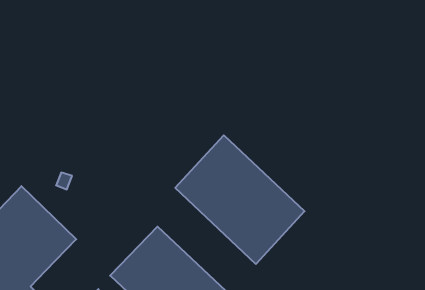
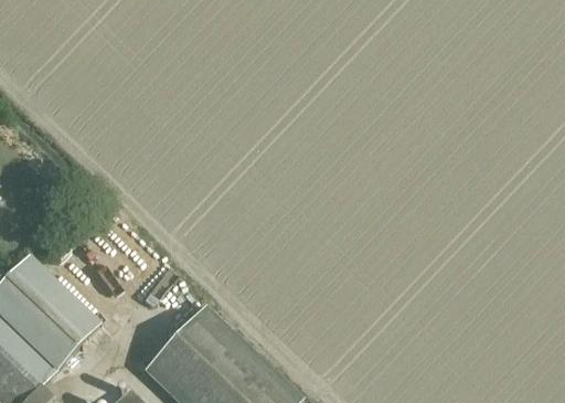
building: [175,135,305,264] -> none

